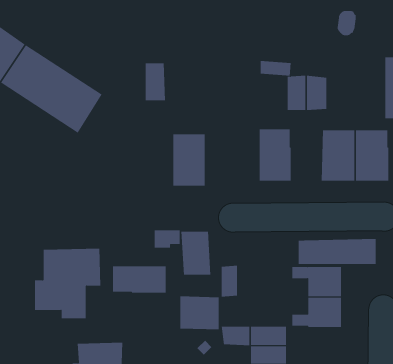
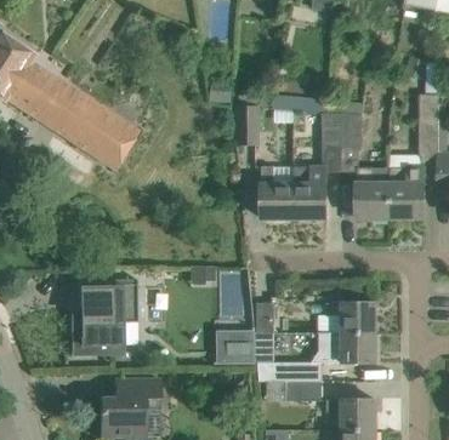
building: [145,63,166,101] -> [239,107,260,144]
building: [173,134,206,186] -> [262,166,295,218]
building: [298,238,376,265] -> none
building: [112,265,166,293] -> none

